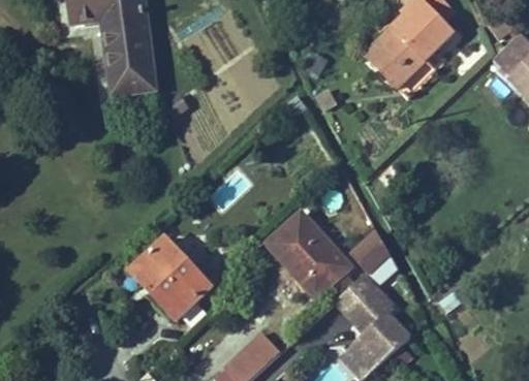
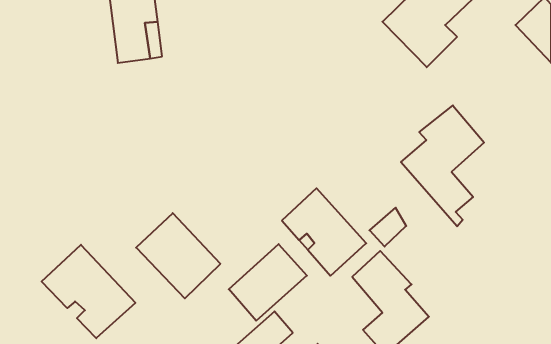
building: none -> [401,105,484,226]
building: none -> [229,244,307,321]
building: none -> [42,245,135,338]

